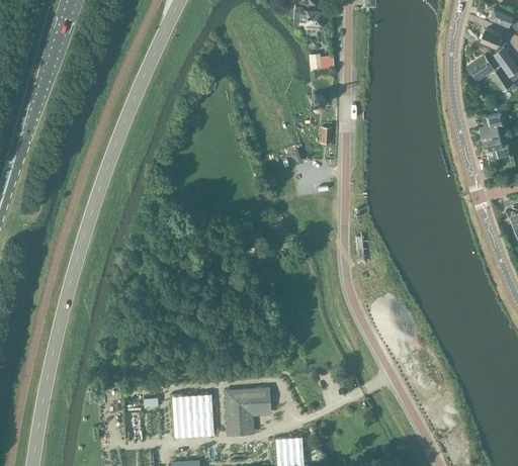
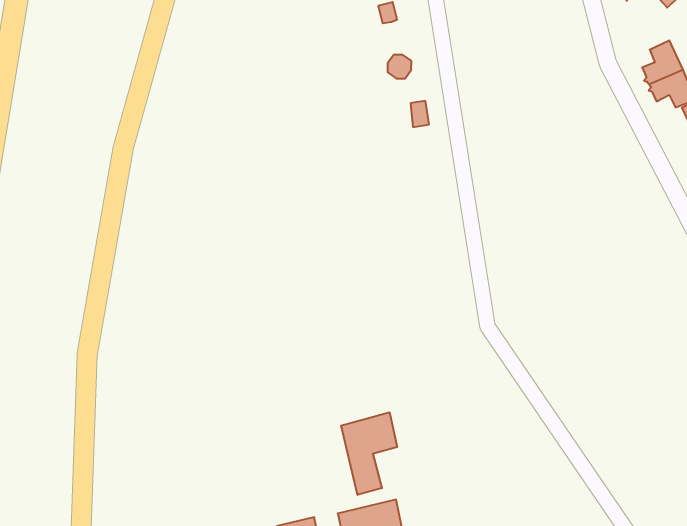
building: none -> [341,412,397,495]

